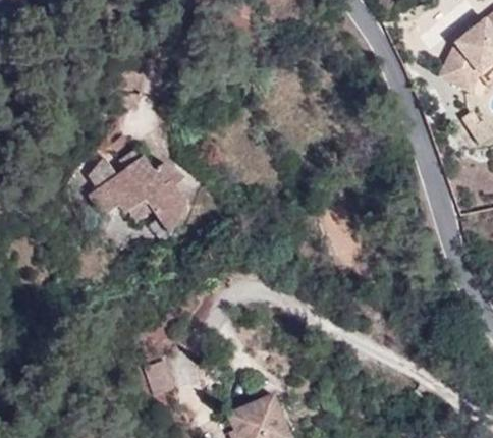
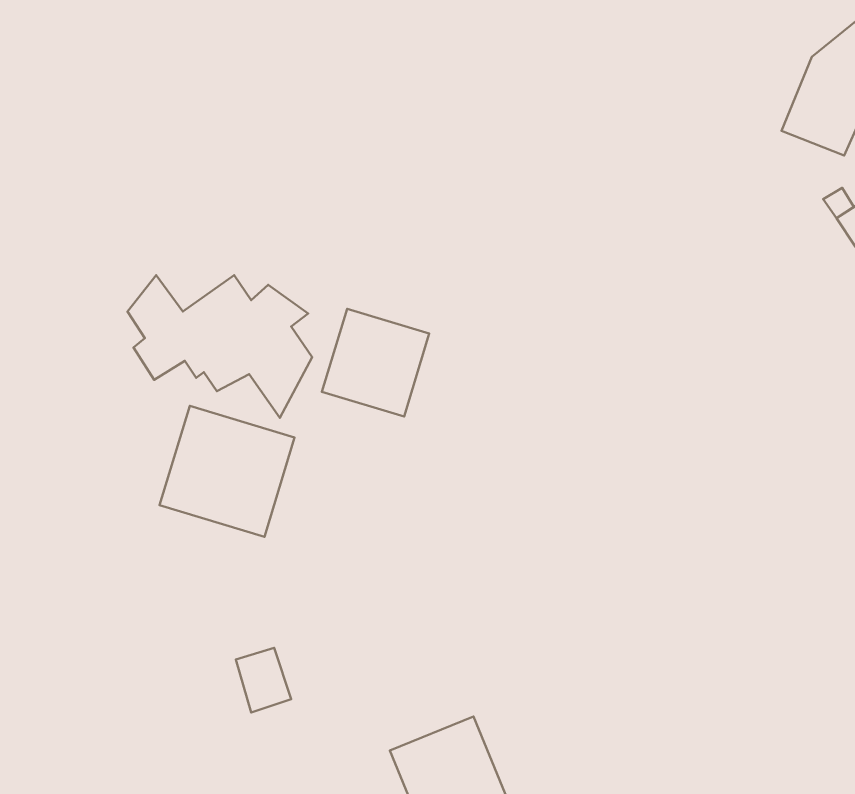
building: none -> [322,309,429,417]
building: none -> [160,406,295,537]

